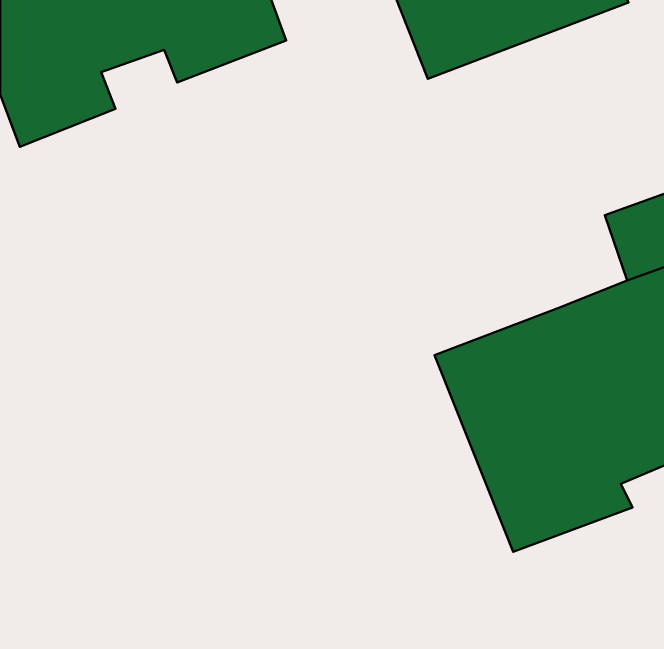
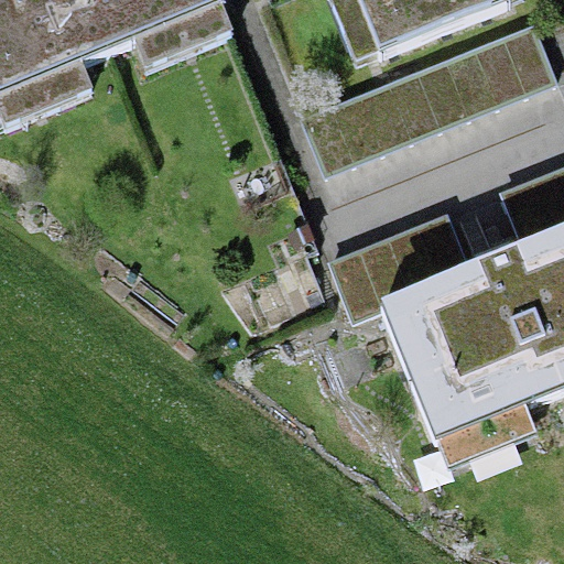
building: none -> [308,34,554,174]
building: none -> [332,205,474,305]

